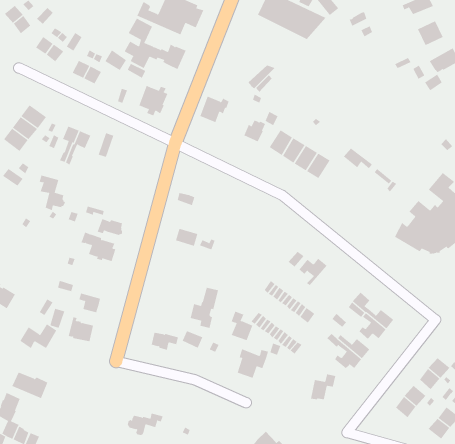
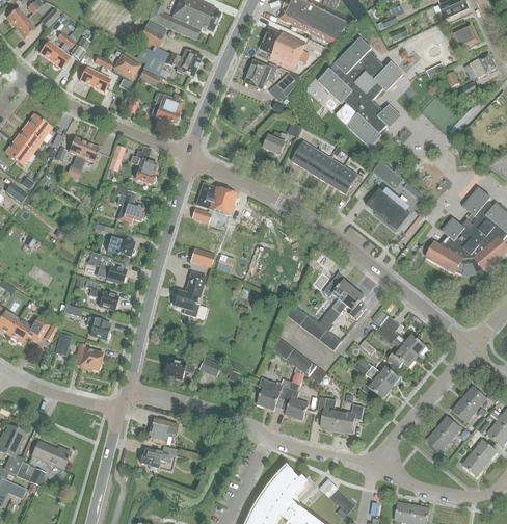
building: none -> [260,28,306,69]
building: none -> [318,37,403,149]
building: [200,96,229,123] -> [245,60,277,89]
building: none -> [130,147,158,184]
building: none -> [196,183,237,215]
building: none -> [367,189,410,230]
building: [39,175,66,211] -> [116,186,145,225]
building: none -> [84,280,118,311]
building: none -> [331,288,366,319]
building: [190,287,219,329] -> [174,272,205,317]
building: [231,311,253,341] -> [285,388,309,420]
building: [20,324,57,349] -> [9,316,50,343]
building: none -> [318,397,340,431]
building: [12,372,48,399] -> [31,441,71,470]
building: none -> [148,418,178,445]

